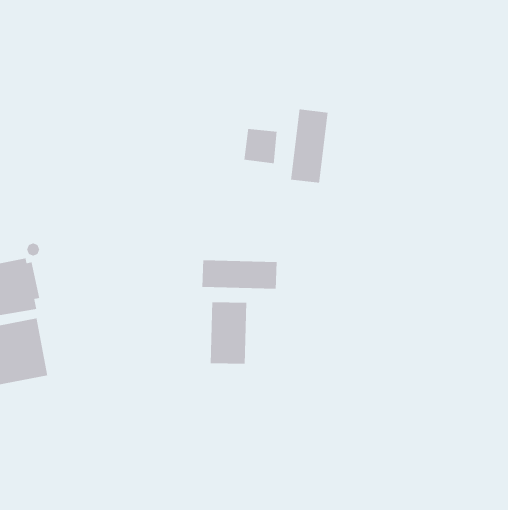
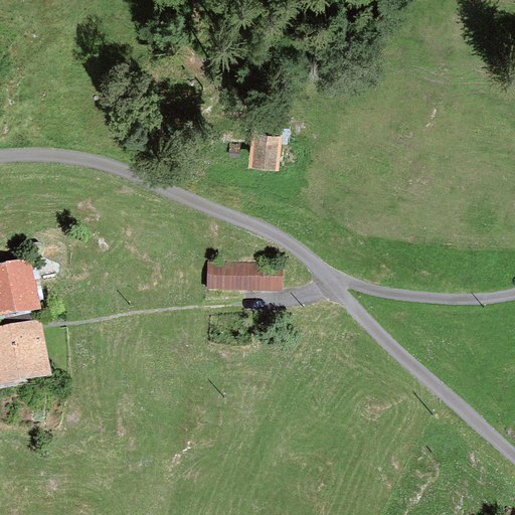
building: [290,109,329,184] -> none
building: [210,301,247,364] -> none

